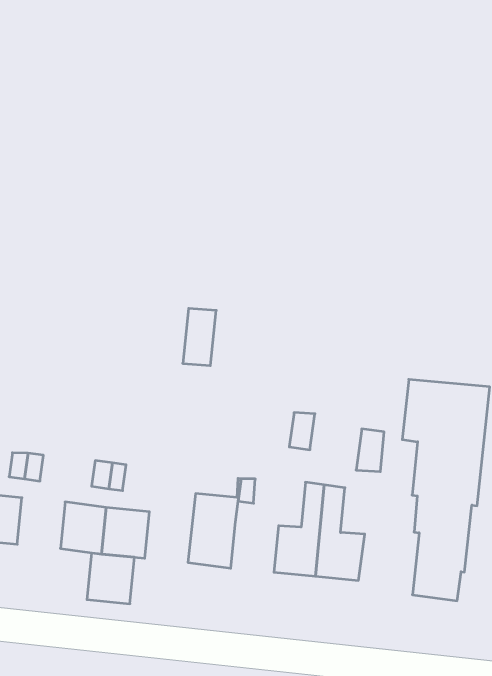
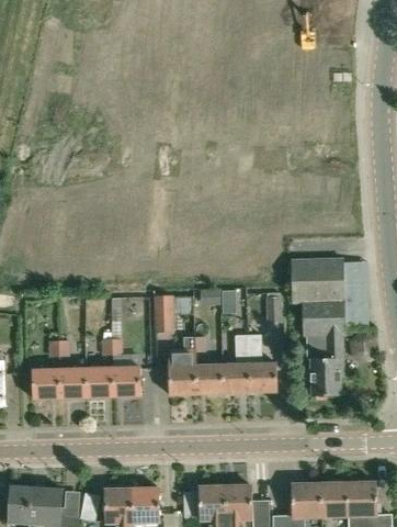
building: [183,308,216,366] -> [155,295,173,332]
building: none -> [195,363,224,394]
building: [87,553,135,604] -> [59,367,88,397]

